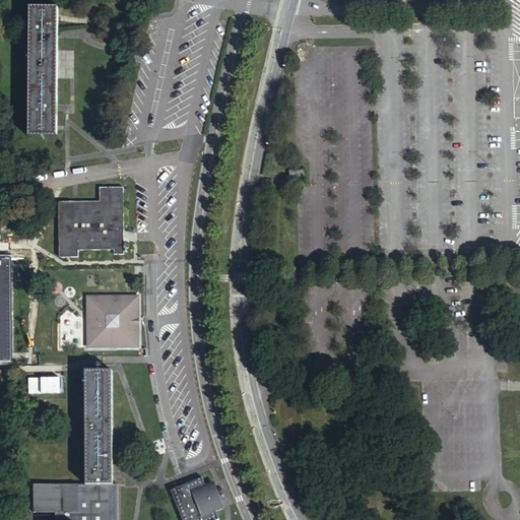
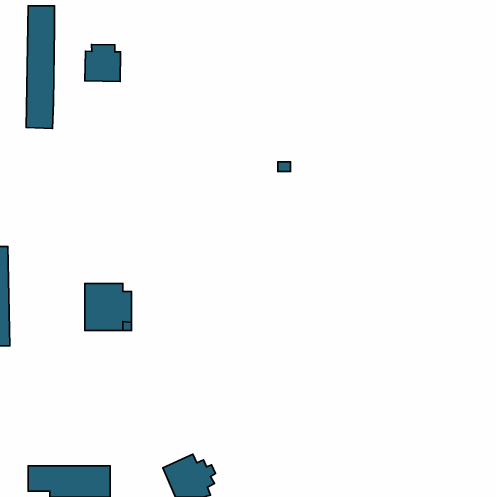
building: none -> [85,45,121,82]
building: [56,187,121,256] -> none
building: [85,372,110,485] -> none

